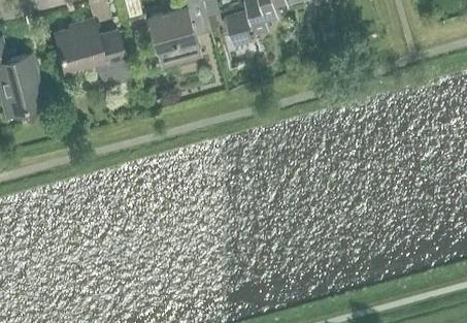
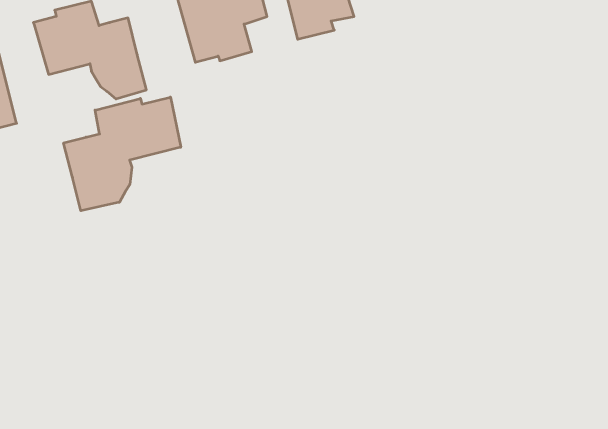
building: none -> [64,97,181,211]

